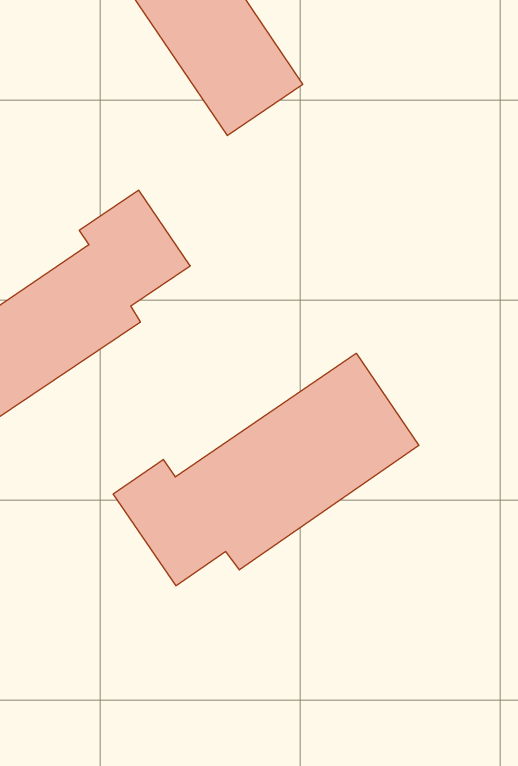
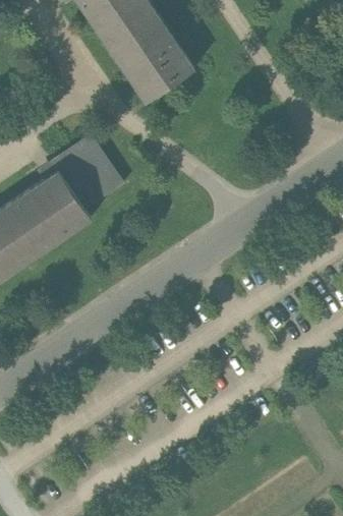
building: [113,353,419,586] -> none

